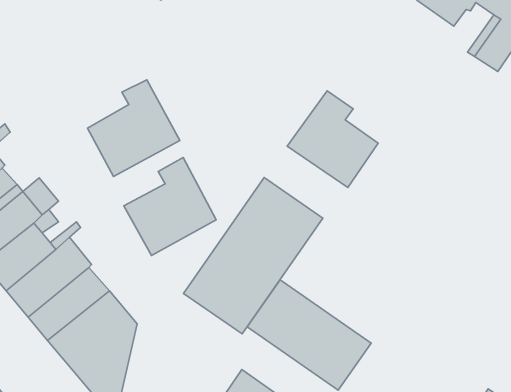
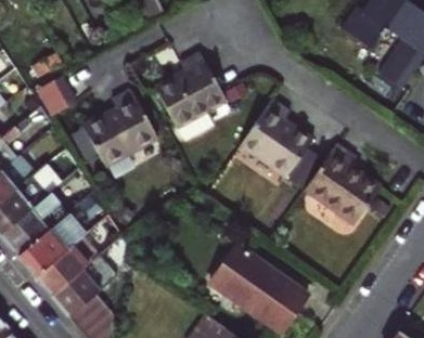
building: none -> [38,70,80,113]
building: none -> [305,143,380,222]
building: [124,158,216,256] -> [154,51,227,128]
building: [184,178,323,334] -> none

